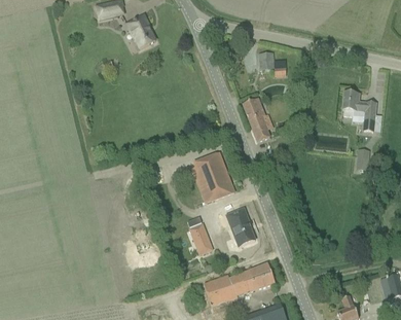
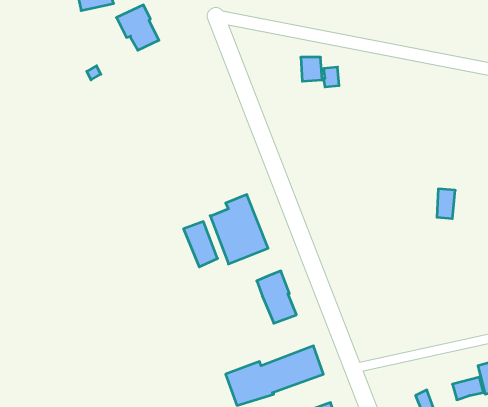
building: [342,92,375,131] -> none
building: [243,97,270,141] -> none
building: [188,222,213,255] -> [184,222,218,267]

